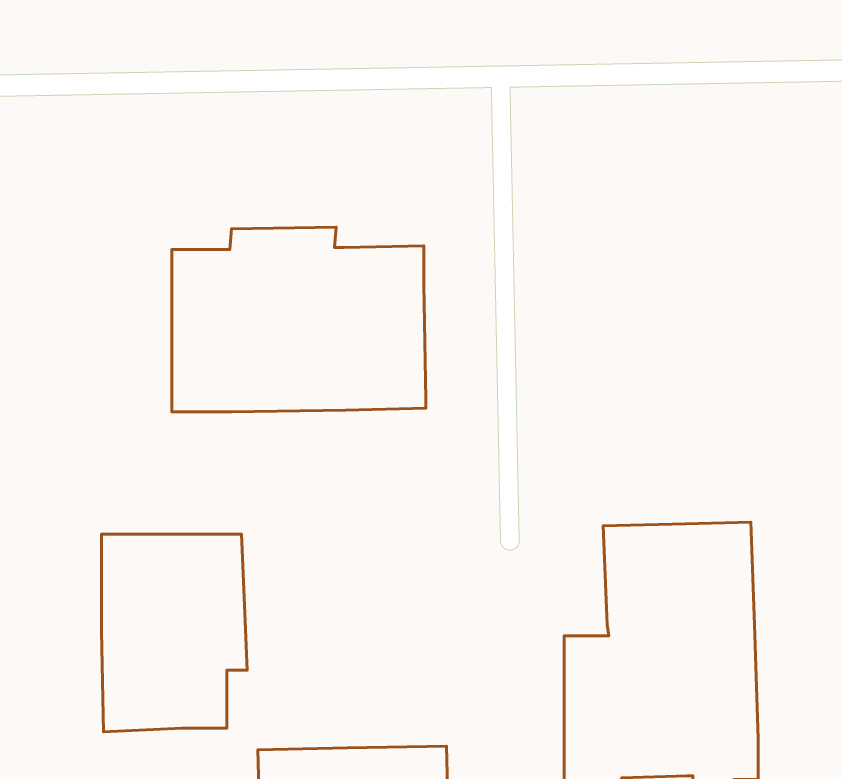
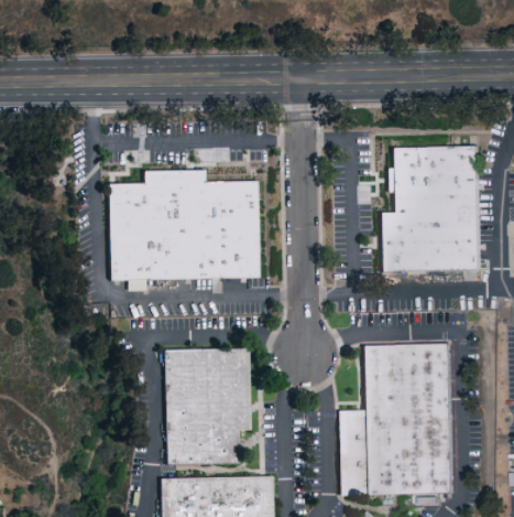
building: none -> [380,146,484,272]
building: [102,534,247,732] -> [166,349,252,466]

